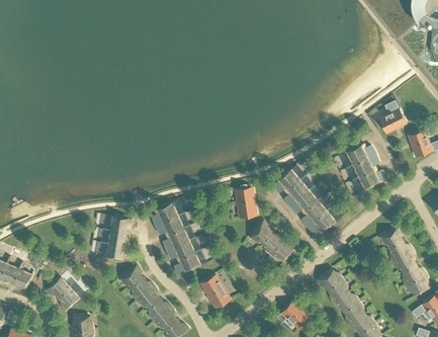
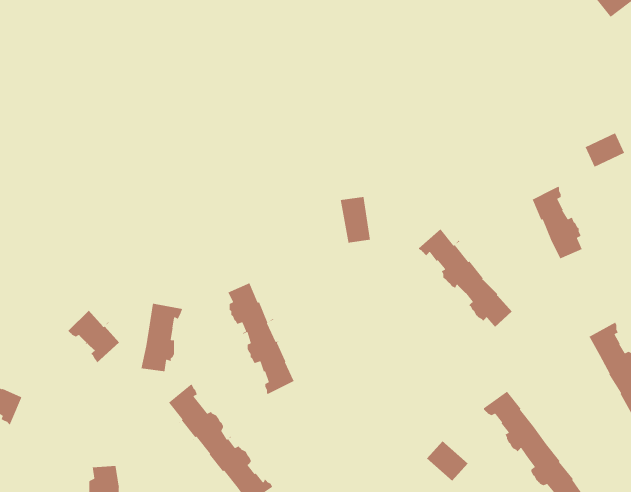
building: [237,187,256,217] -> [340,196,371,244]
building: [249,221,293,261] -> none
building: [202,275,230,307] -> none
building: [48,276,80,310] -> [68,310,120,364]

